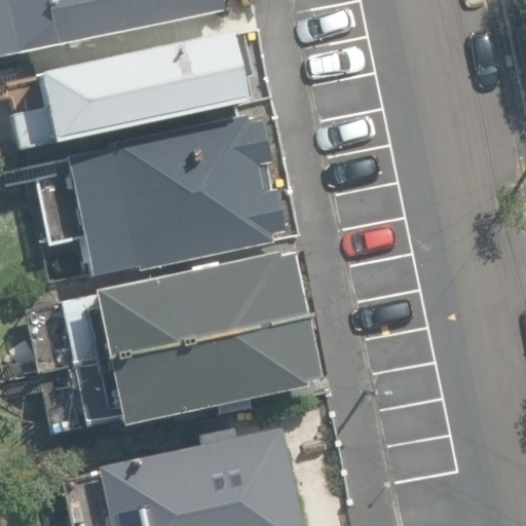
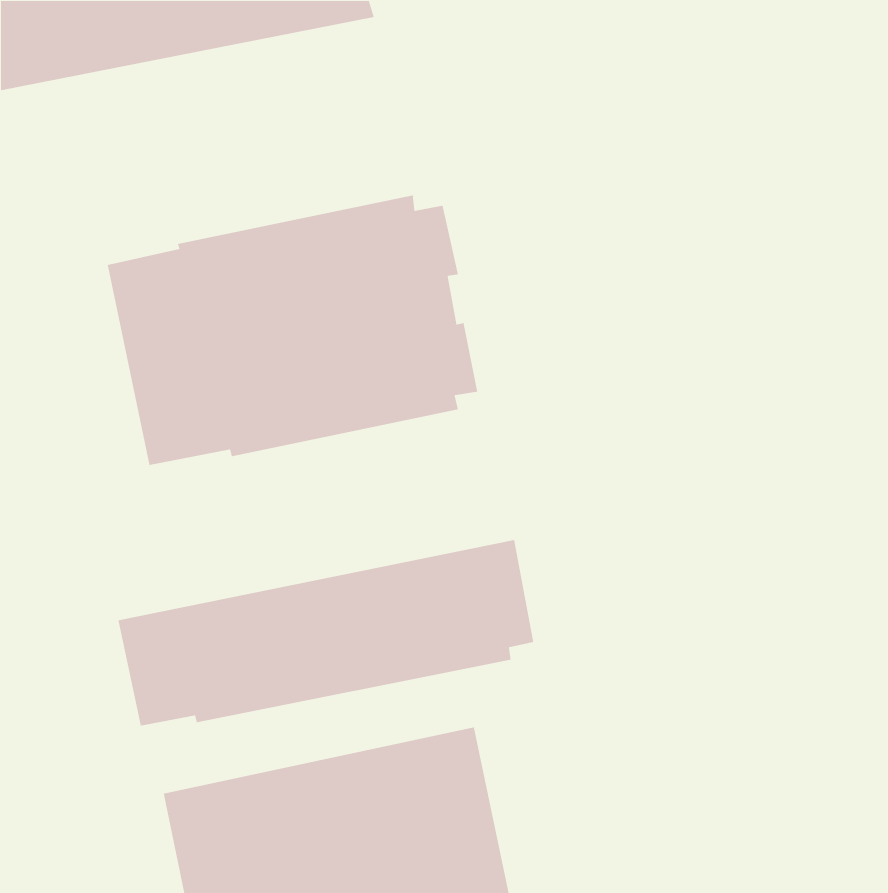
building: [12,32,252,148] -> none
building: [61,252,306,365] -> none

